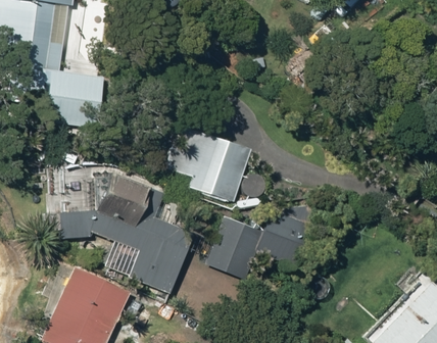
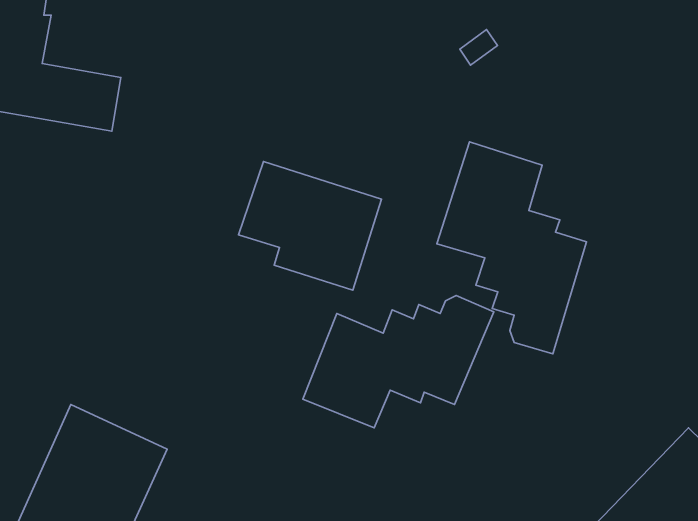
building: none -> [437,142,587,354]
building: [59,173,195,290] -> none

